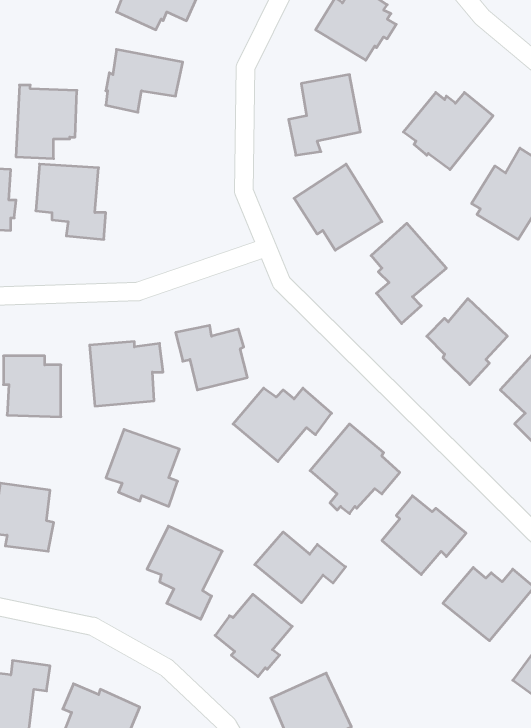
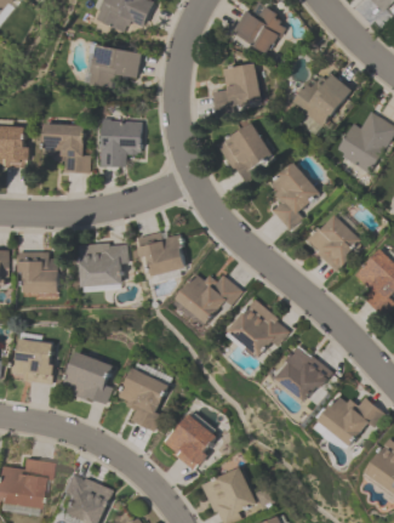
building: [16,85,77,159] -> [101,118,142,167]
building: [106,429,179,506] -> [63,352,113,404]
building: [255,532,346,603] -> none

